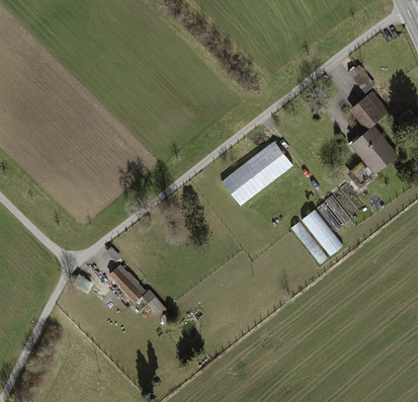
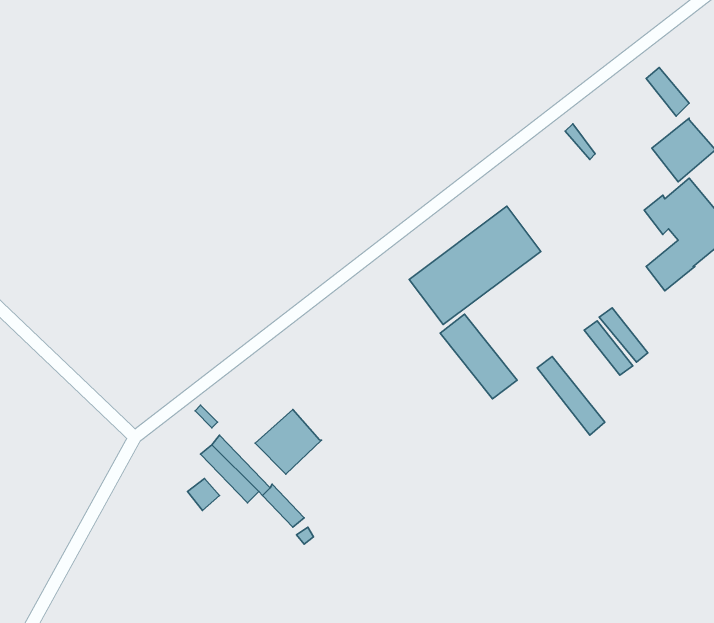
building: [301,210,342,255] -> [440,314,517,399]
building: none -> [255,409,322,474]

